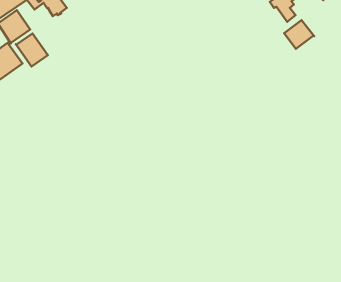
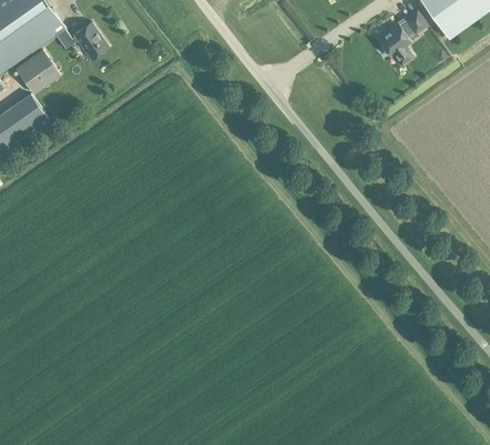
building: [284,20,314,49] -> none
building: [16,33,48,66] -> none

